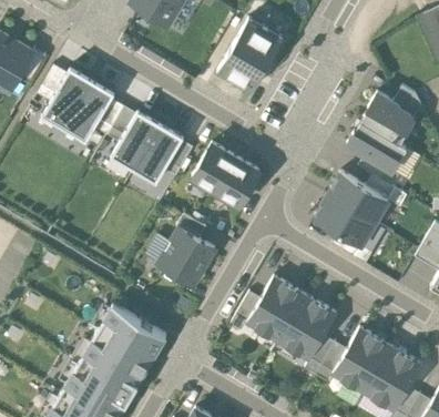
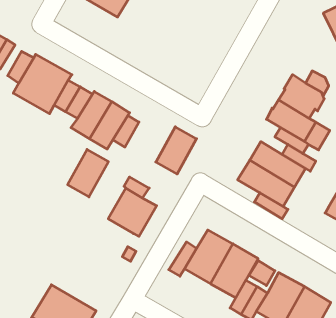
building: [216,19,282,92] -> none
building: [188,140,237,196] -> [68,149,108,197]
building: [90,305,165,374] -> none

